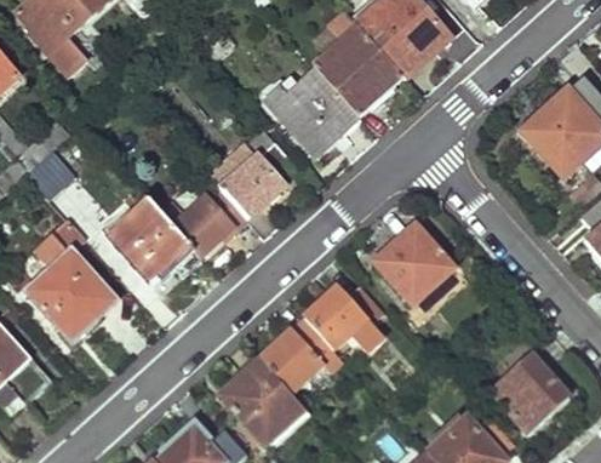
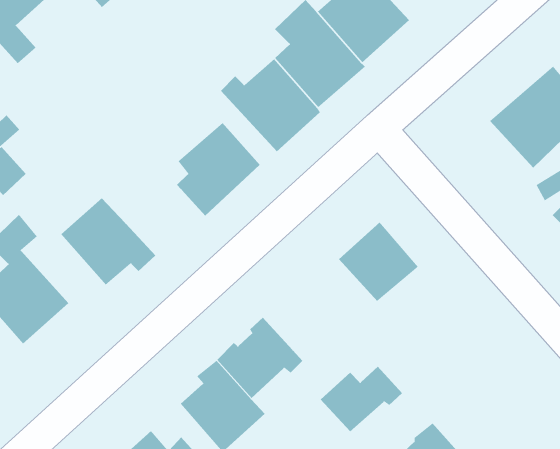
building: [171,194,247,257] -> none
building: [303,284,383,348] -> [320,366,403,432]
building: [491,354,567,431] -> none

